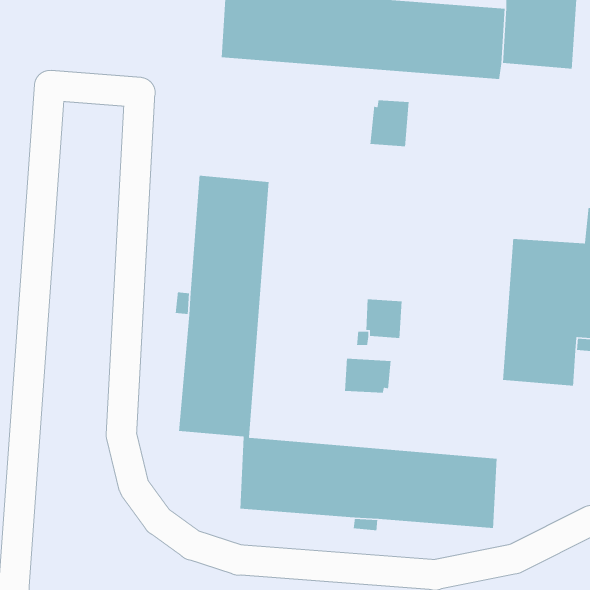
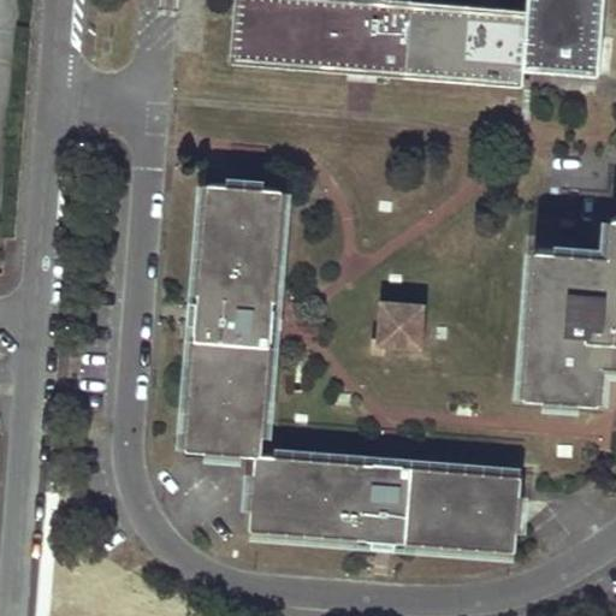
building: [369,100,409,147] -> none
building: [344,358,392,394] -> none

